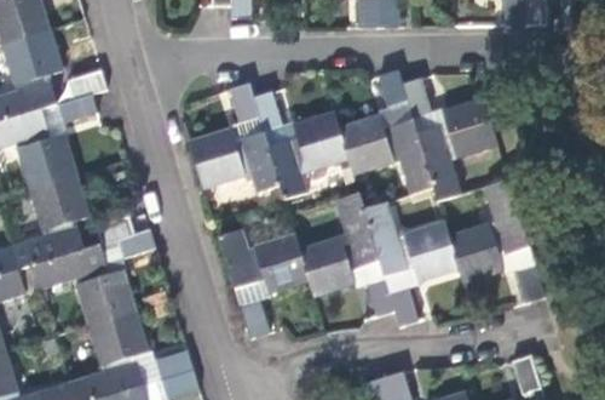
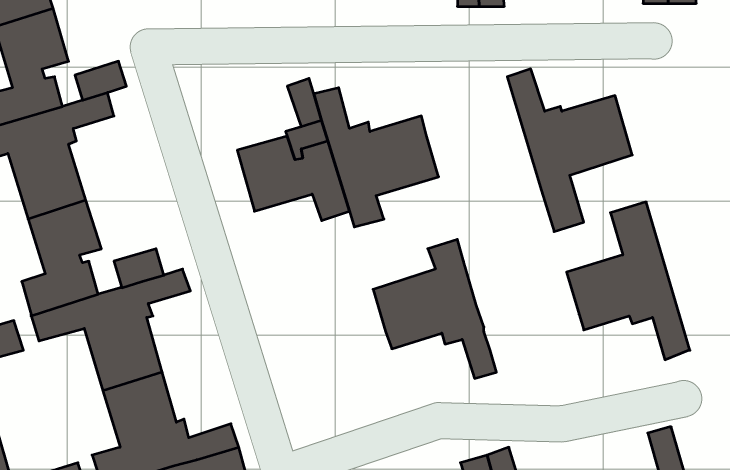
building: [339,67,428,177] -> none
building: [368,216,457,327] -> none
building: [220,228,307,338] -> none

